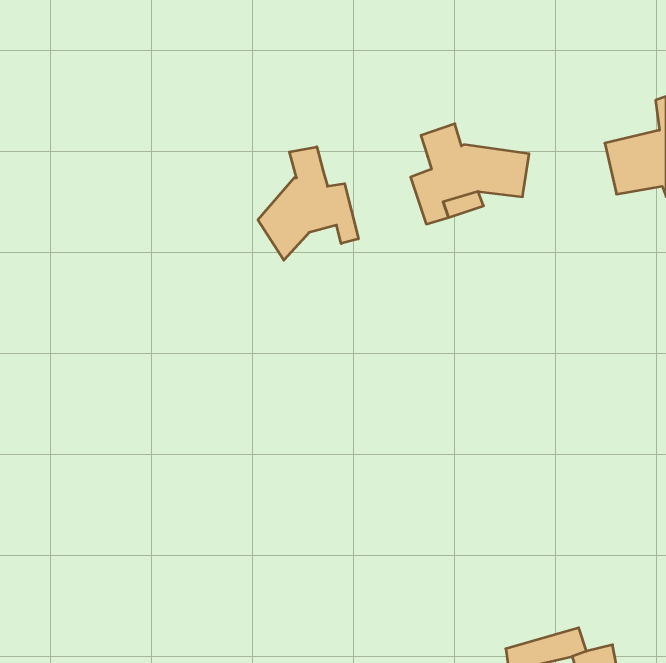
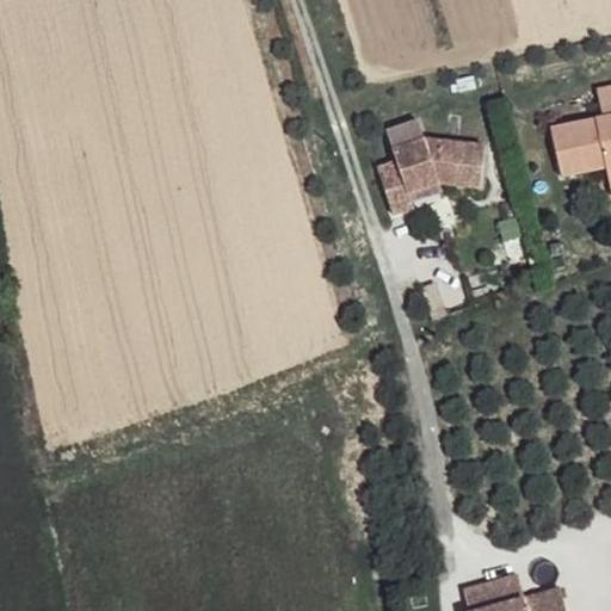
building: [258,147,358,260] -> none

